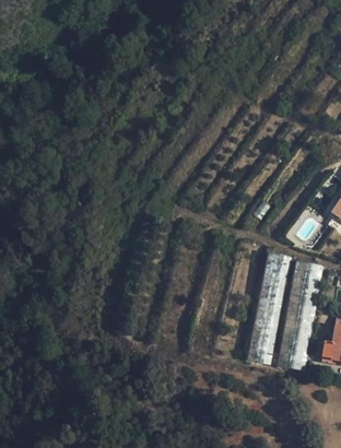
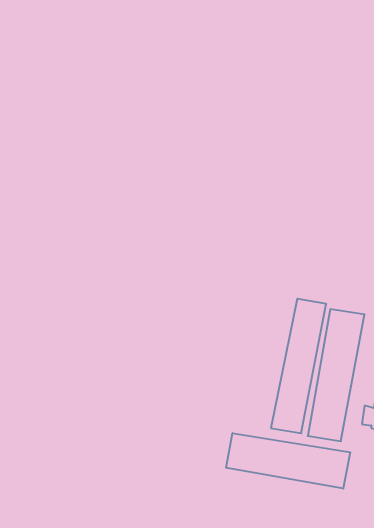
building: none -> [226,433,350,489]

